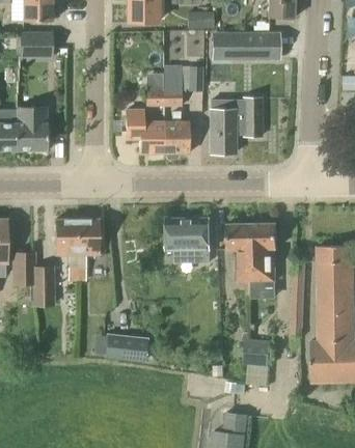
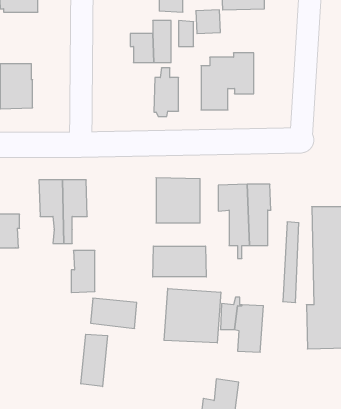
building: [125,109,166,153] -> none
building: [31,265,54,306] -> [71,251,95,293]
building: none -> [153,246,206,277]
building: none -> [164,288,221,343]
building: none -> [81,334,108,387]

